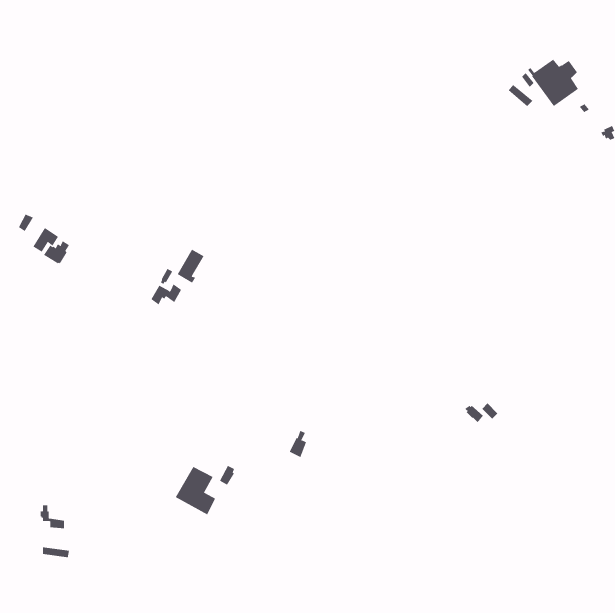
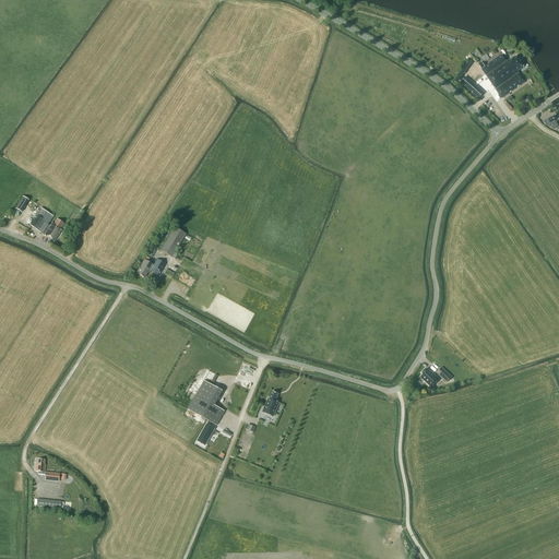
building: [175,466,216,515] -> [187,380,224,425]

